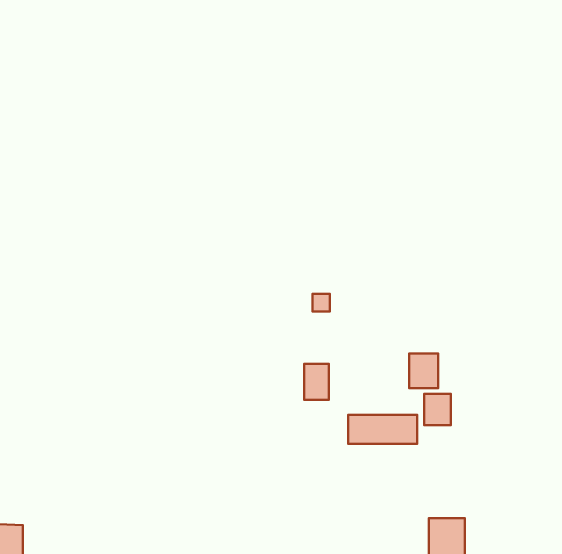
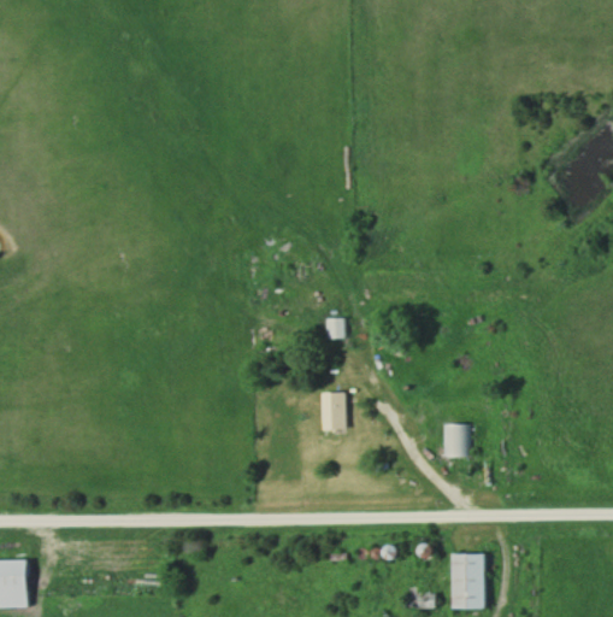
building: [409,353,438,388] -> none
building: [348,415,417,444] -> none

